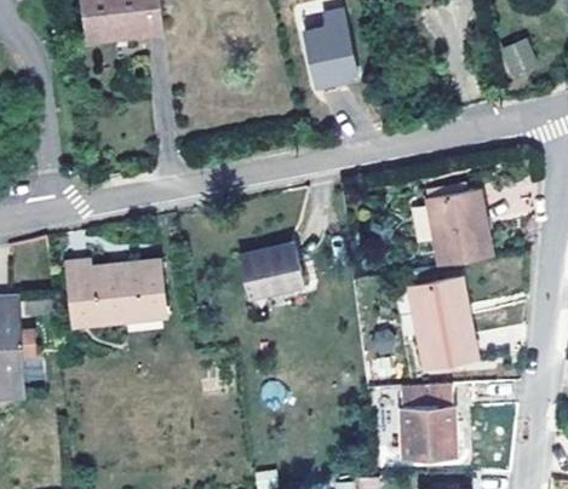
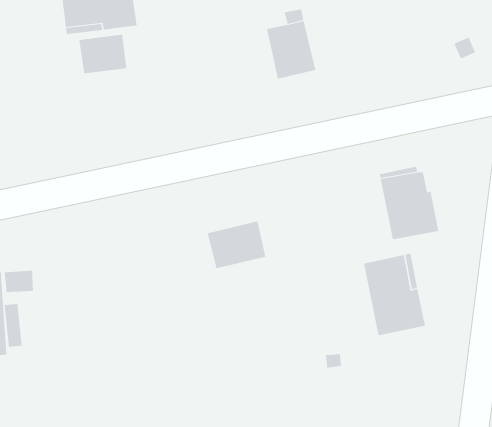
building: none -> [79,34,127,74]
building: [68,259,166,324] -> none
building: [389,384,455,456] -> none

